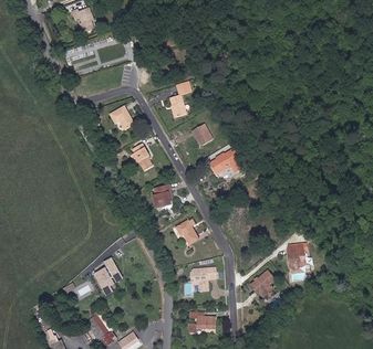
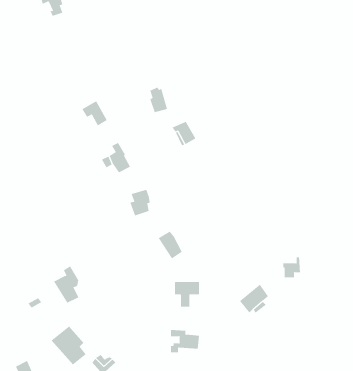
building: [207,147,244,172] -> none

